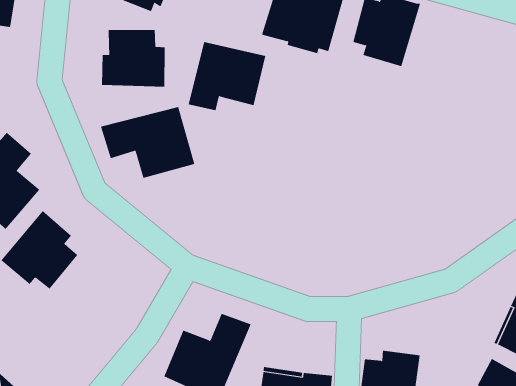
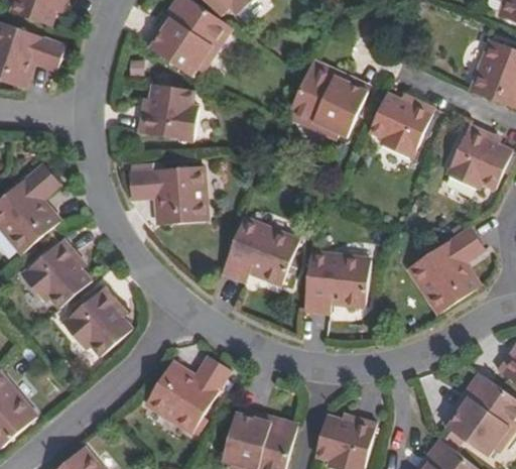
building: none -> [436,124,503,191]
building: [188,41,266,111] -> [216,214,292,278]
building: none -> [409,234,486,318]
building: none -> [298,251,362,311]
building: none -> [64,289,127,353]

